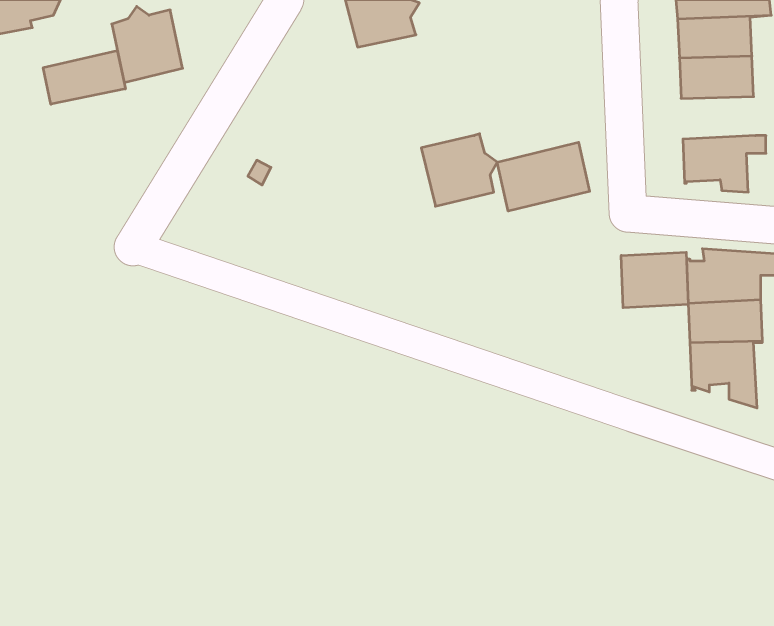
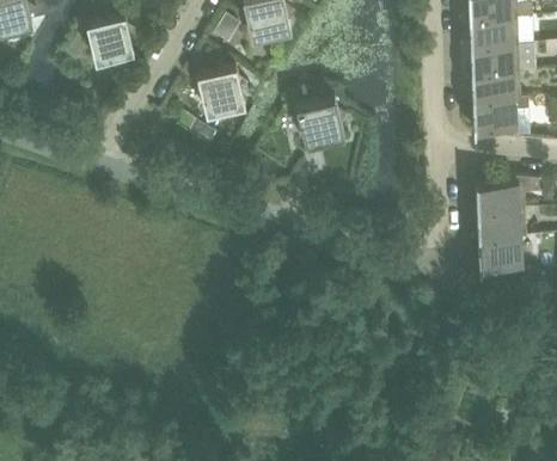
building: [43,51,125,104] -> none
building: none -> [197,66,249,115]
building: none -> [472,73,522,102]
building: [497,142,590,211] -> none
building: [621,252,688,308] -> none

